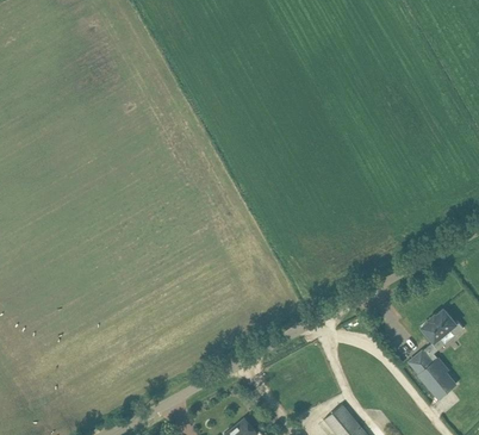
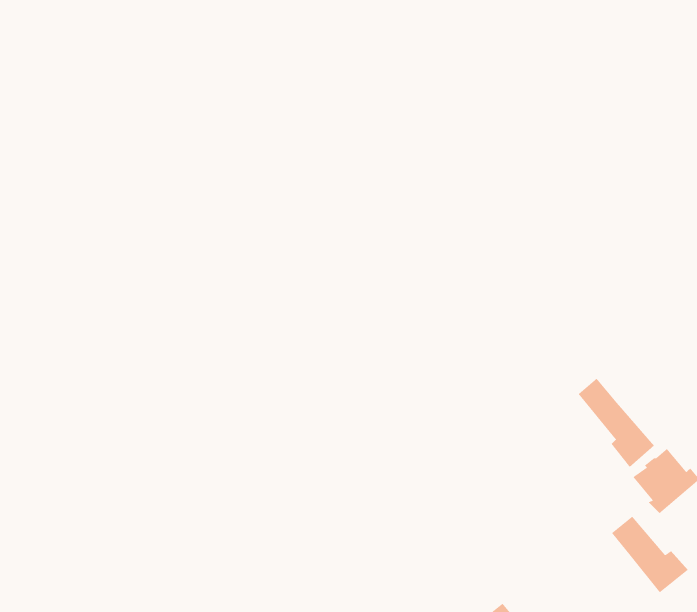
building: none -> [578,378,655,468]

